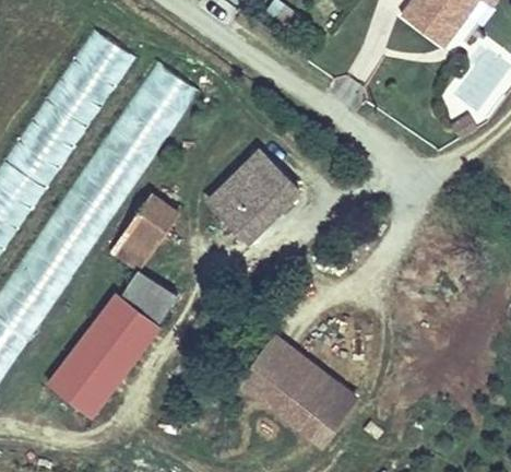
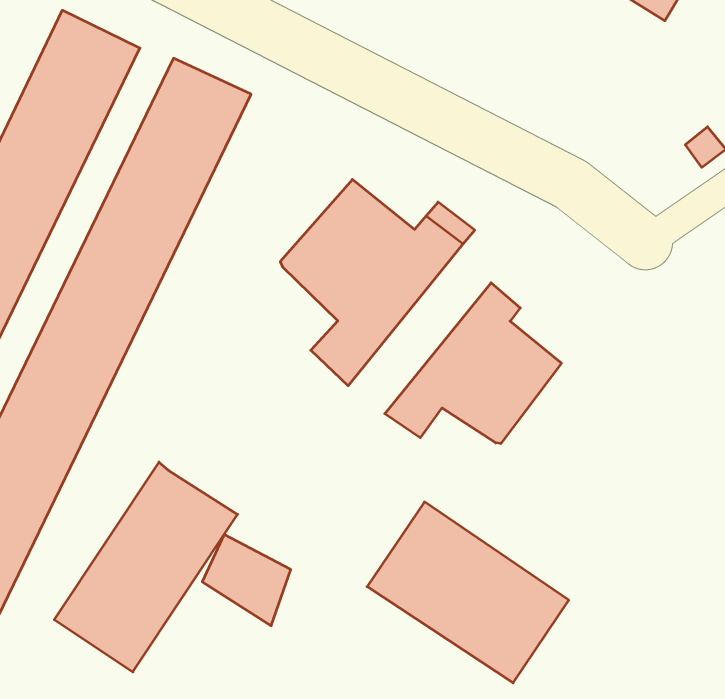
building: [120,193,180,259] -> none
building: none -> [385,283,561,444]
building: [123,274,177,331] -> [202,535,291,626]

